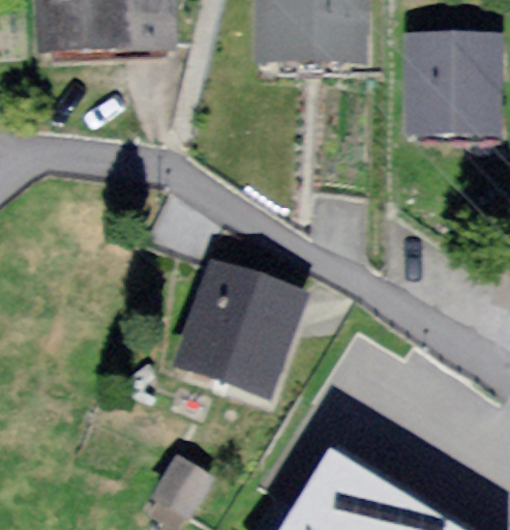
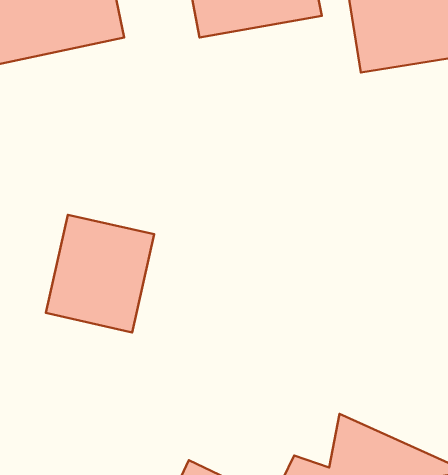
building: none -> [46,215,154,332]
building: [176,265,310,408] -> none

